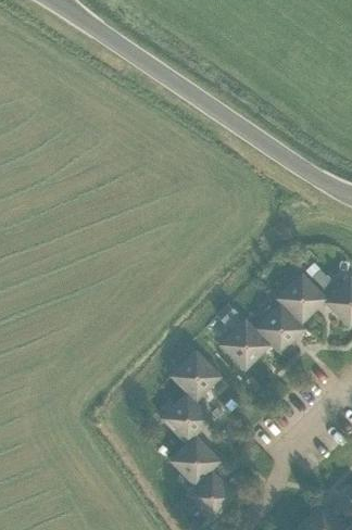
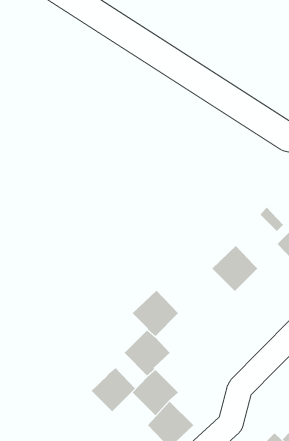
building: [275,272,327,323] -> none
building: [219,318,269,368] -> none
building: none -> [91,367,136,412]

